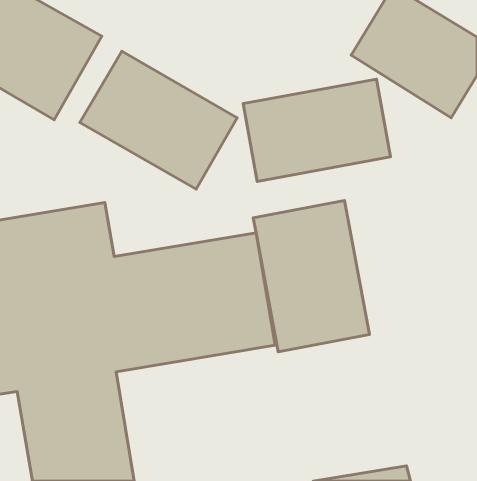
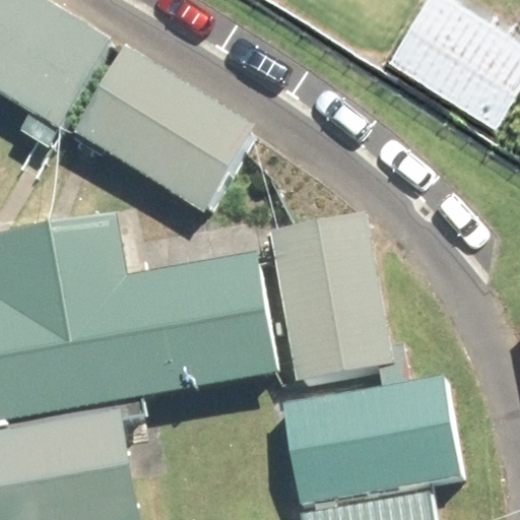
building: [243,79,391,181] -> none
building: none -> [283,379,459,501]

